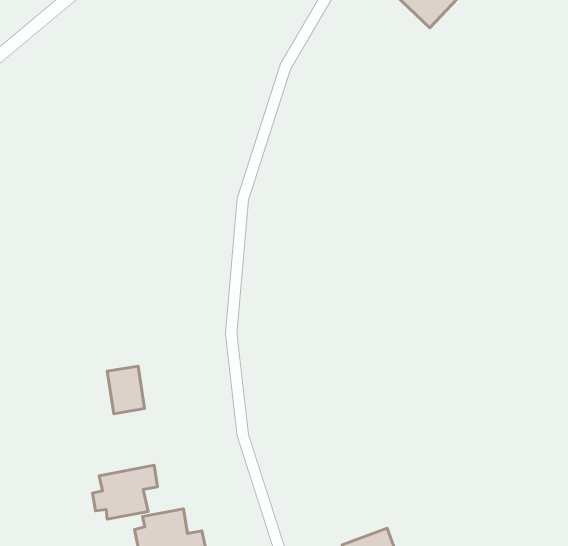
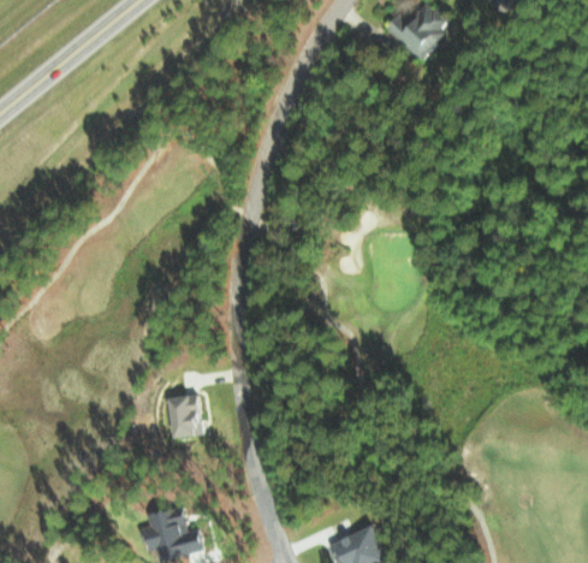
building: [107,366,145,414] -> [168,393,203,438]
building: [92,465,157,519] -> none

